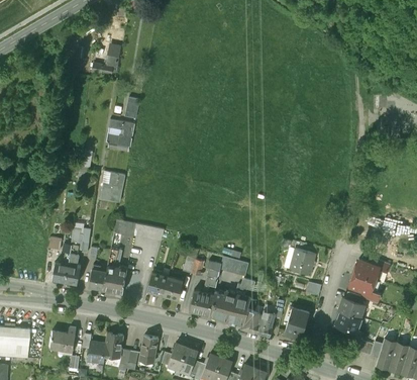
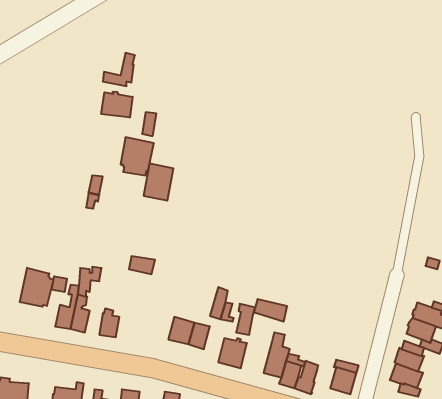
building: none -> [101,92,133,118]
building: [100,172,125,203] -> [144,164,173,201]
building: none -> [20,268,53,307]
building: [103,249,127,293] -> none
building: [290,250,315,274] -> none
building: [209,291,235,320] -> none

